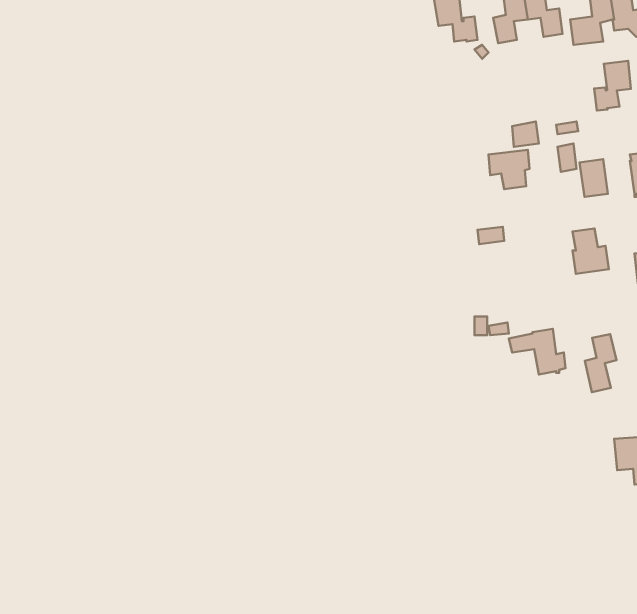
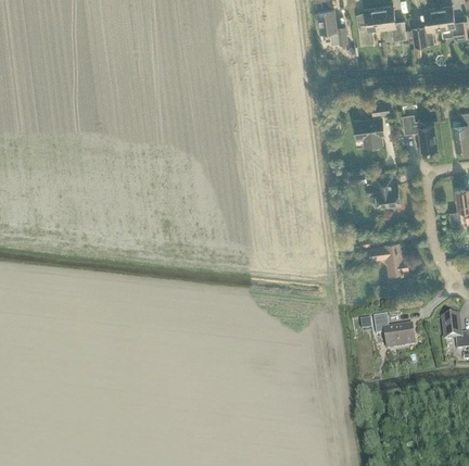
building: [594,61,631,111] -> none
building: [573,228,609,274] -> [376,176,401,207]
building: [585,334,617,392] -> none
building: none -> [373,315,415,349]

